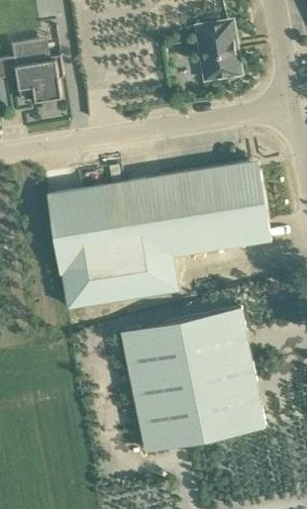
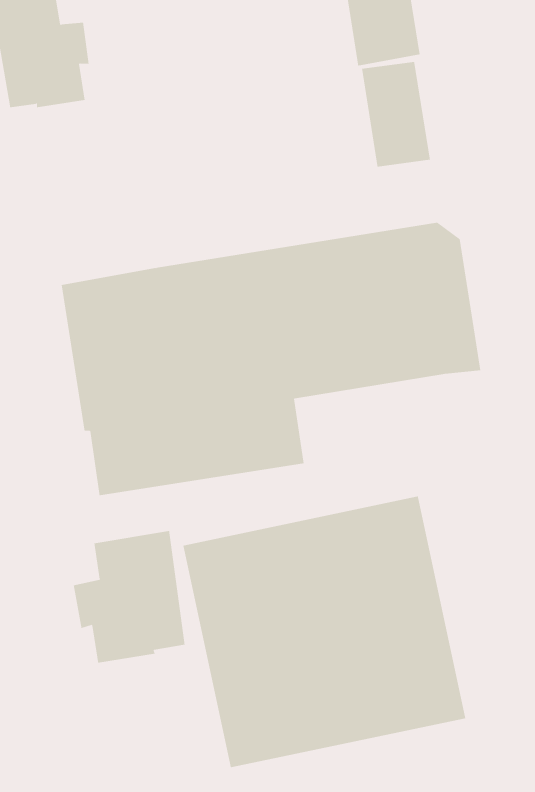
building: none -> [361,61,430,167]
building: none -> [73,530,185,664]

